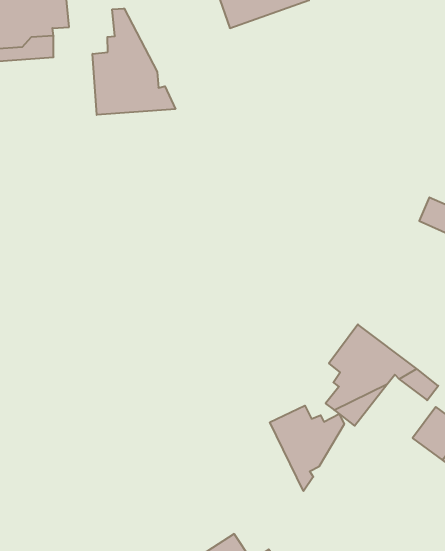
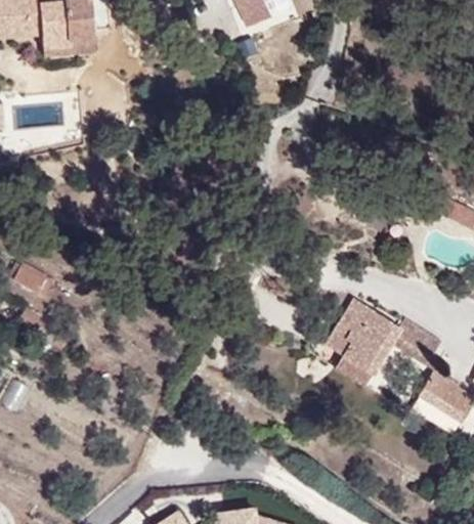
building: [93,8,175,115] -> none
building: [270,406,344,491] -> none

